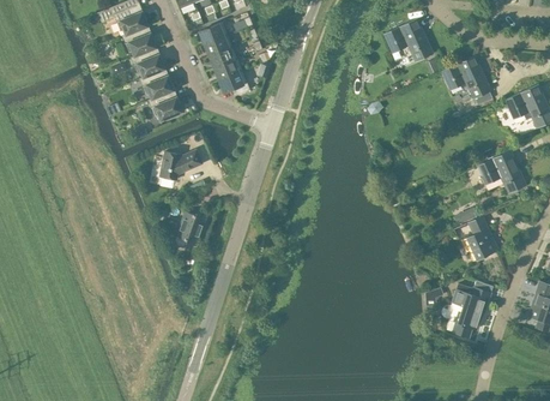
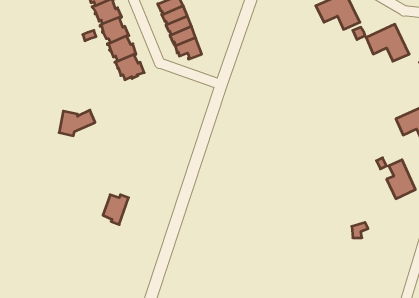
building: [159,149,201,179] -> [59,110,95,136]
building: [176,211,206,246] -> [103,195,129,225]
building: [452,281,492,339] -> none

